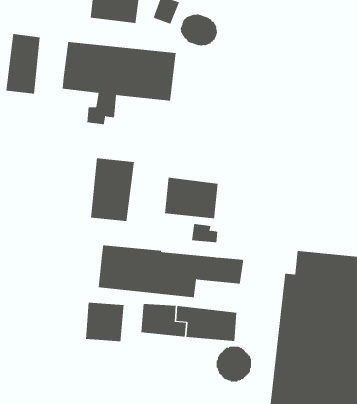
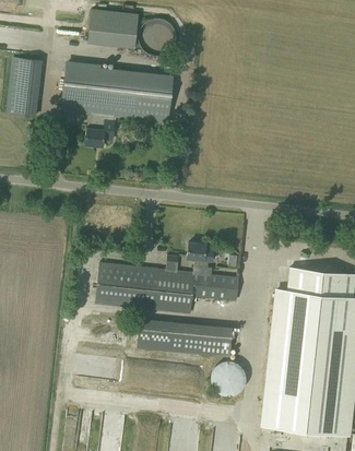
building: [180,13,218,46] -> none
building: [90,158,134,222] -> none
building: [164,177,218,219] -> none
building: [86,302,124,342] -> none

